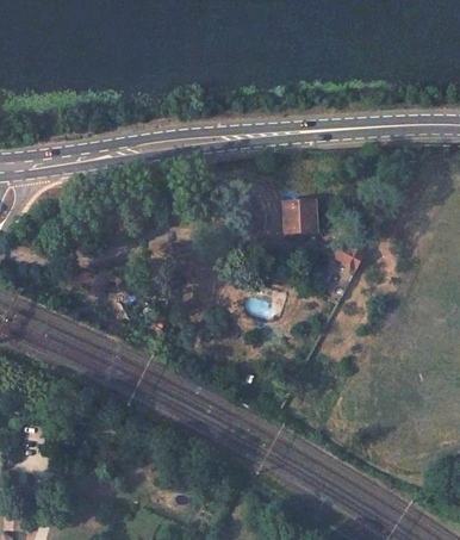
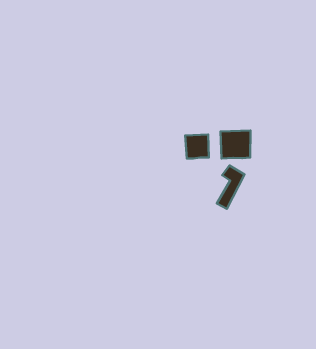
building: none -> [221,130,250,159]

